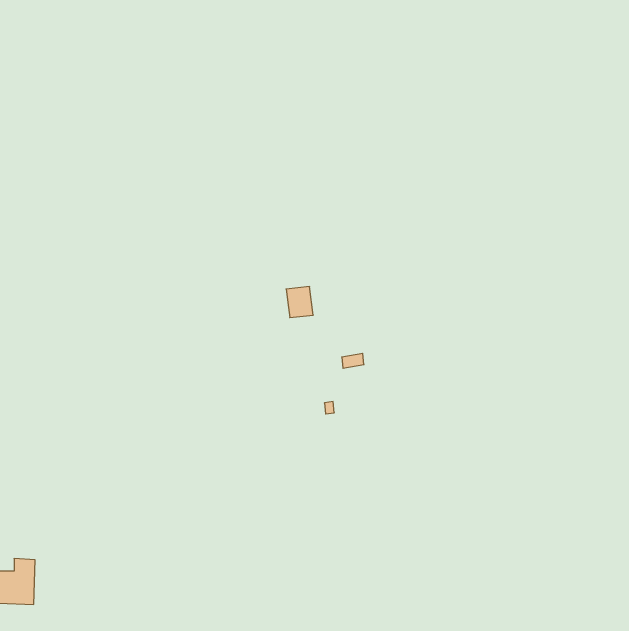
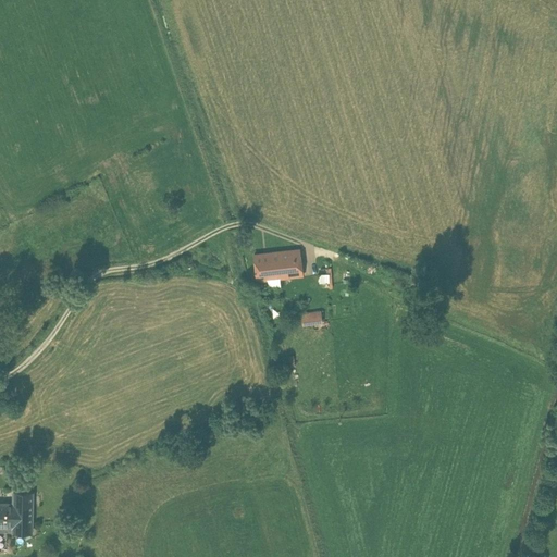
building: none -> [273,249,302,277]

